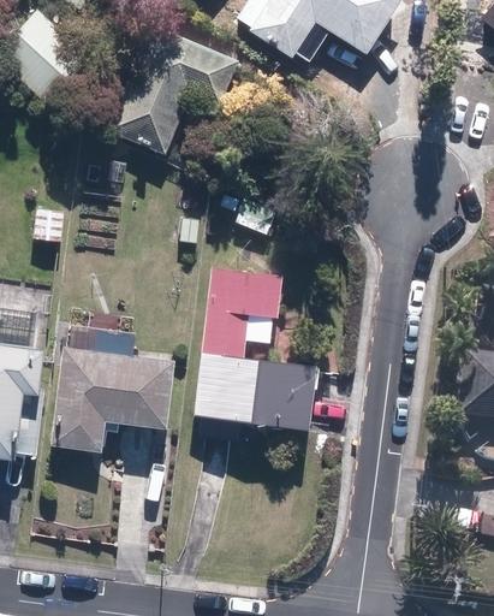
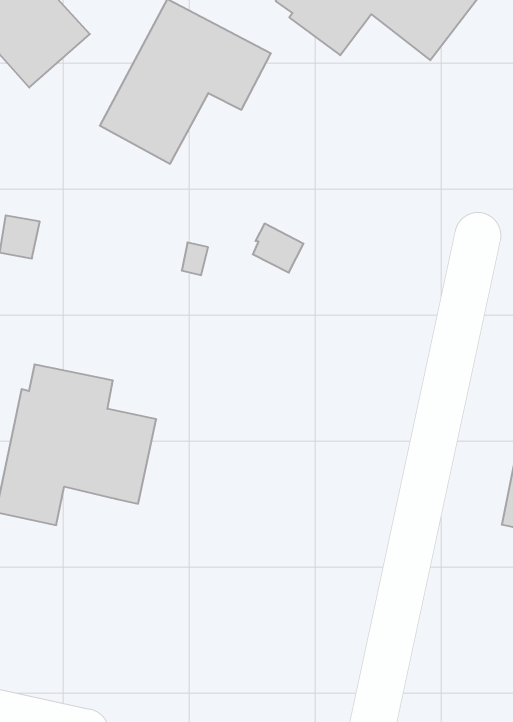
building: [194,268,314,430] -> none

